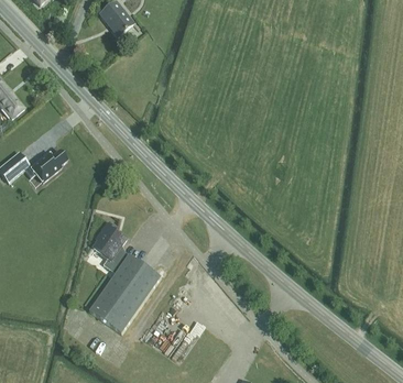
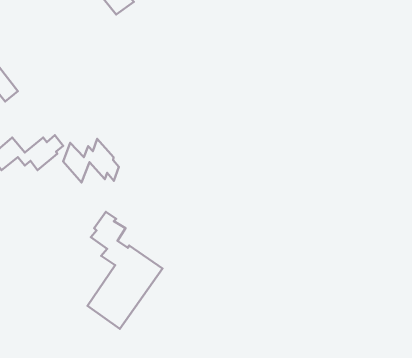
building: none -> [63,139,119,182]

